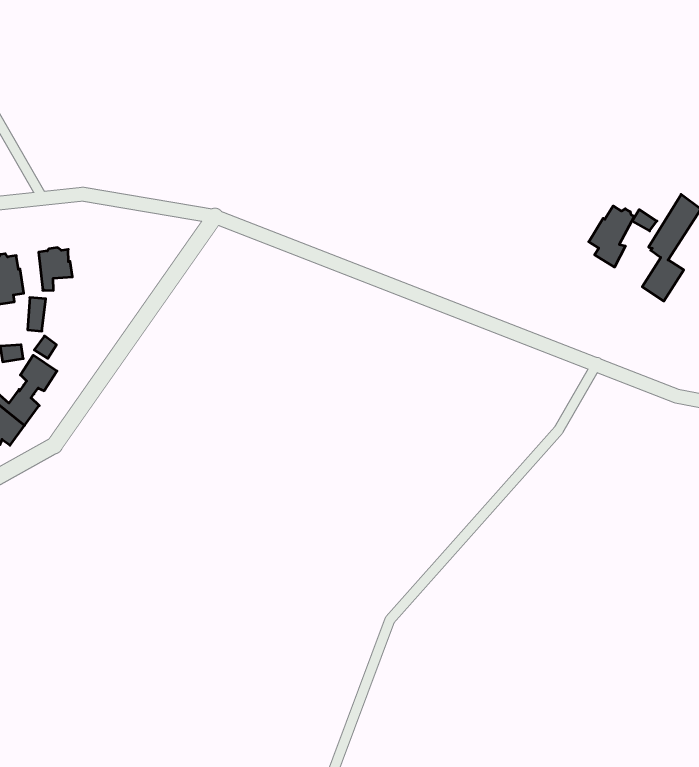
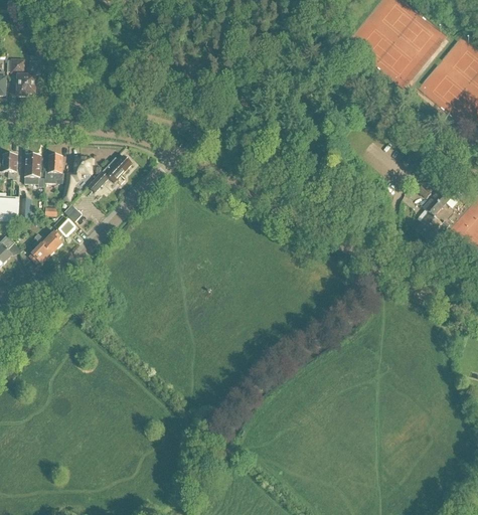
building: [589,206,634,267] -> none
building: none -> [89,156,133,193]

